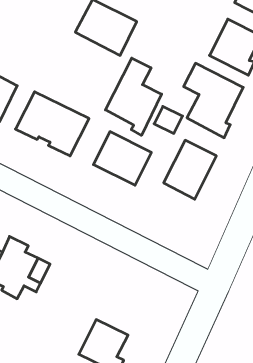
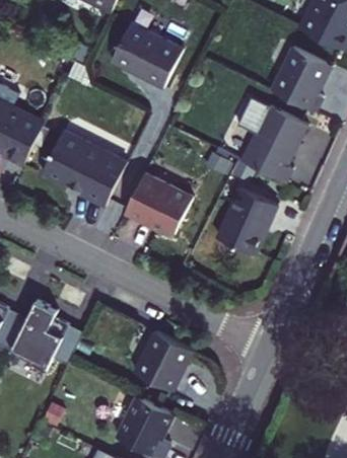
building: [105,58,162,135] -> none
building: none -> [133,332,193,393]

